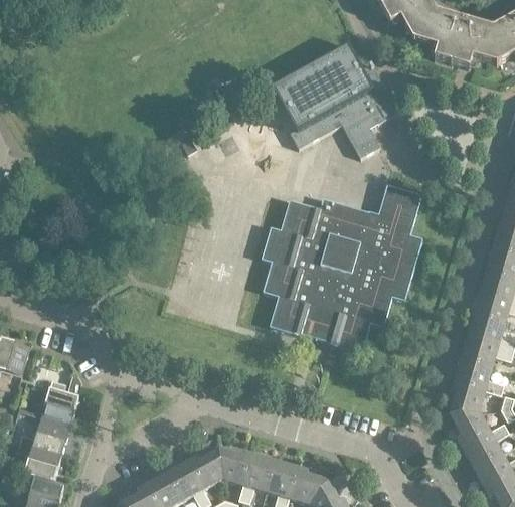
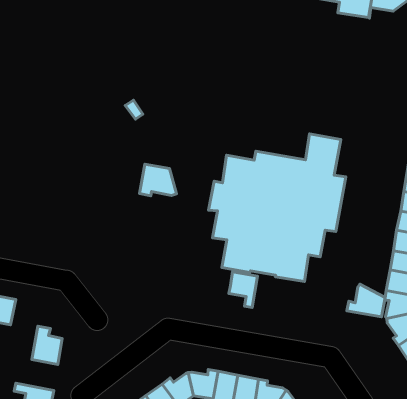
building: [273,42,397,155] -> none
building: none -> [140,164,177,196]
building: none -> [229,272,258,307]
building: none -> [347,284,385,317]
building: [20,414,70,453] -> none

